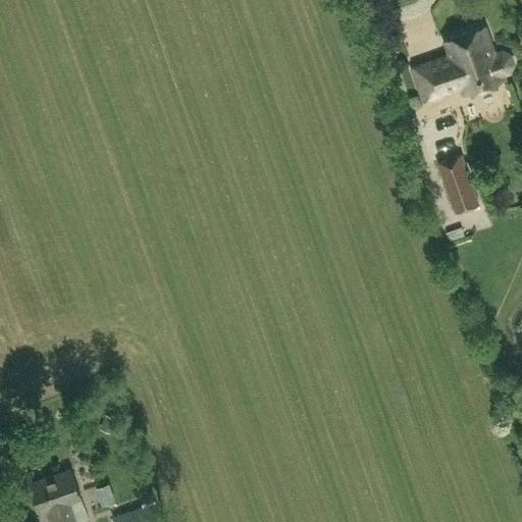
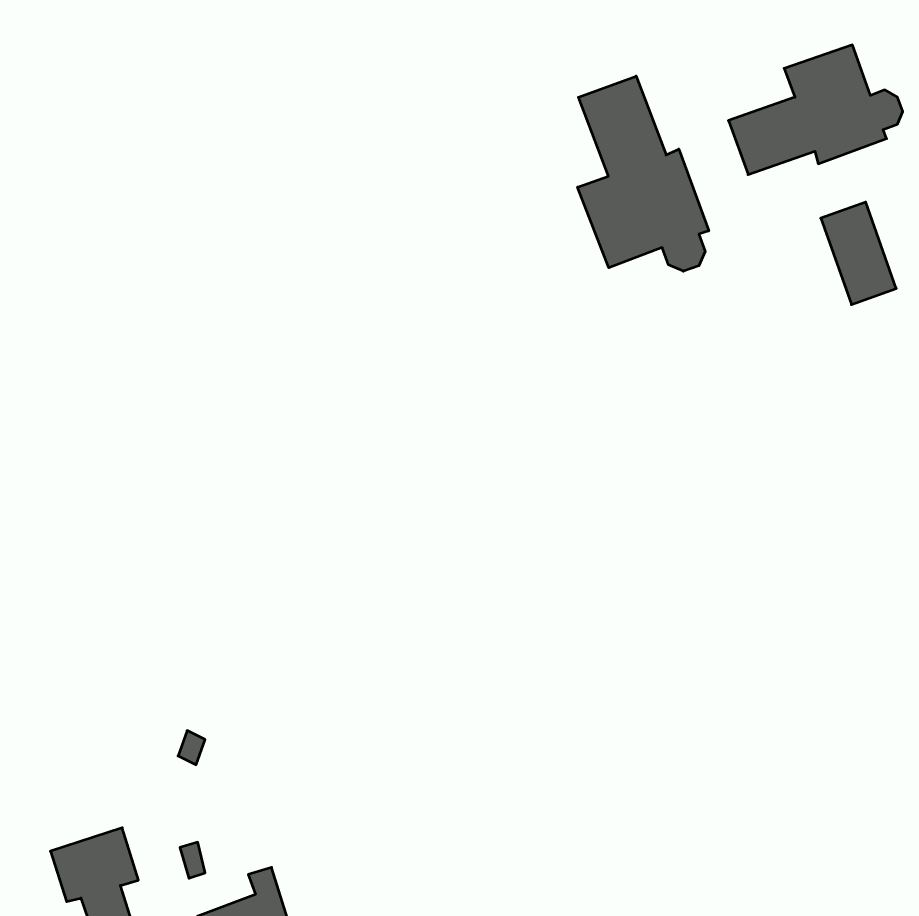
building: none -> [578,76,709,271]
building: [436,156,479,214] -> [821,202,896,305]

